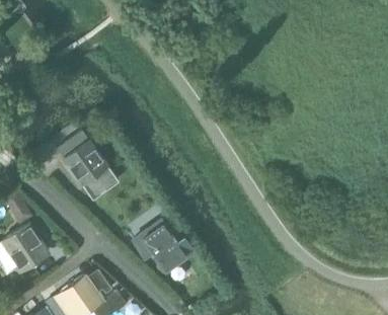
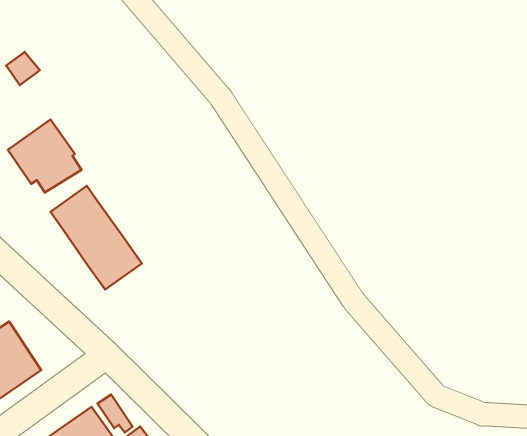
building: none -> [8,119,81,192]
building: [134,219,193,273] -> none

